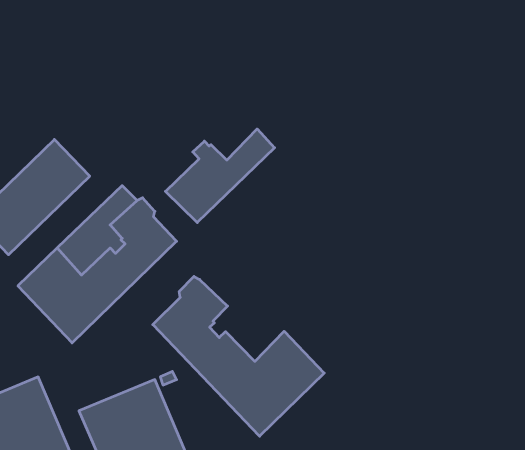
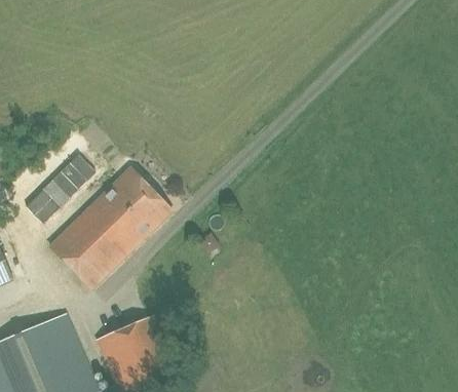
building: [165,129,275,223] -> none
building: [153,276,324,436] -> none

